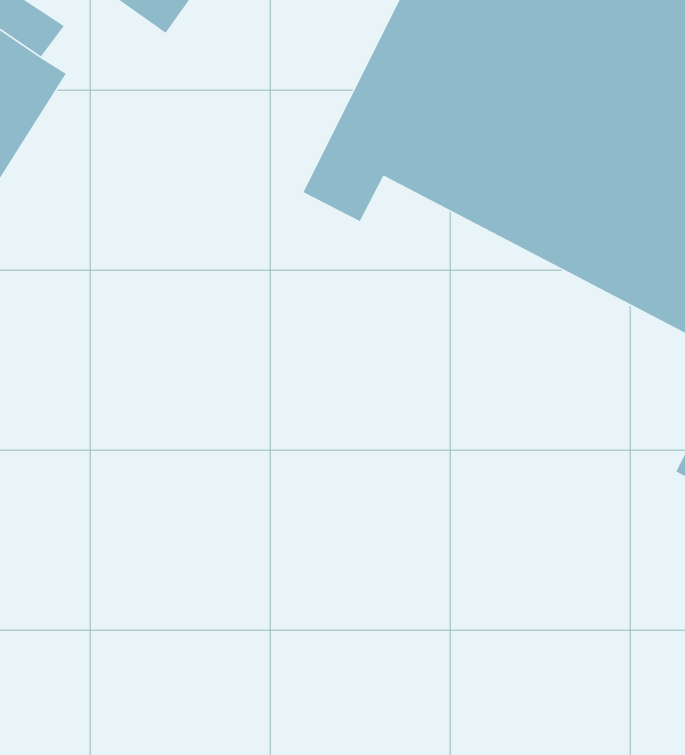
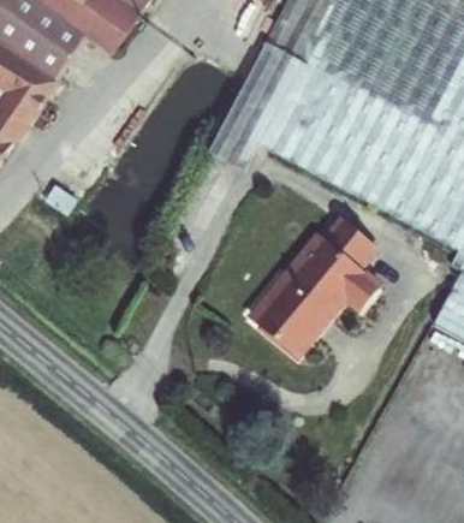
building: none -> [251,212,379,346]

